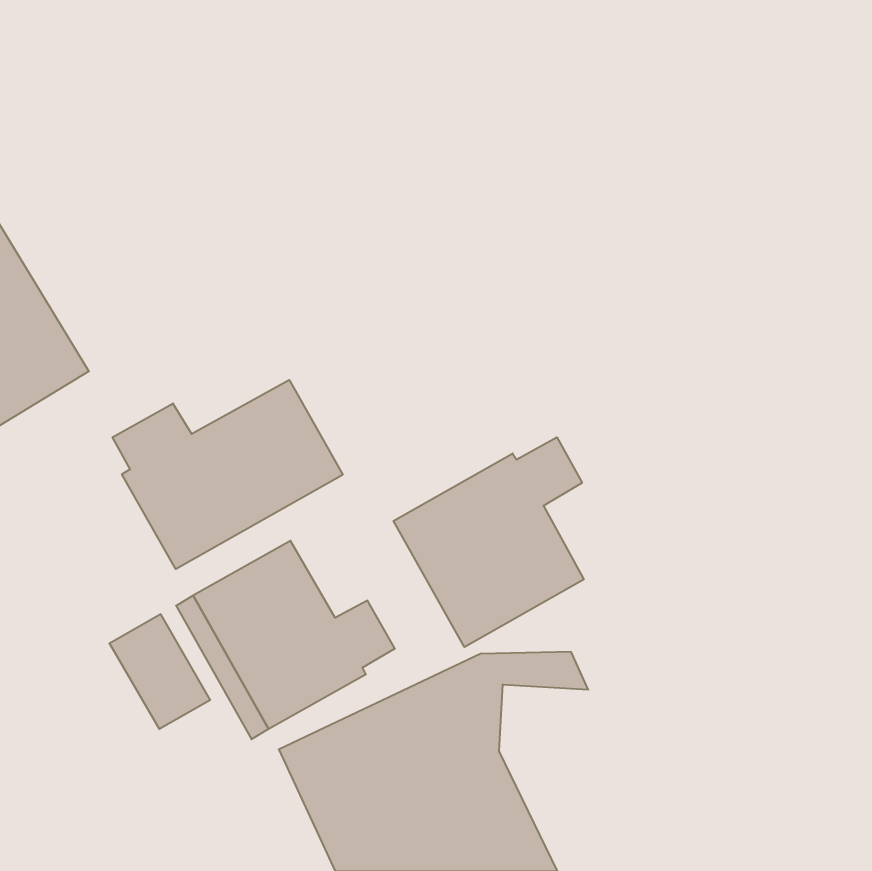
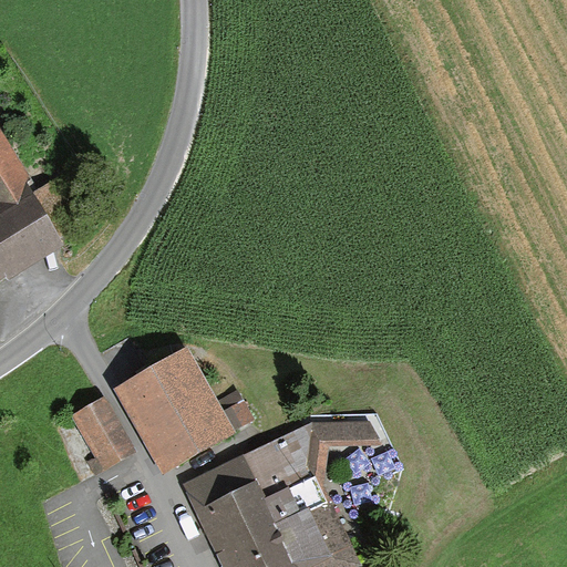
building: [113,380,343,569] -> none
building: [393,437,584,647] -> none

